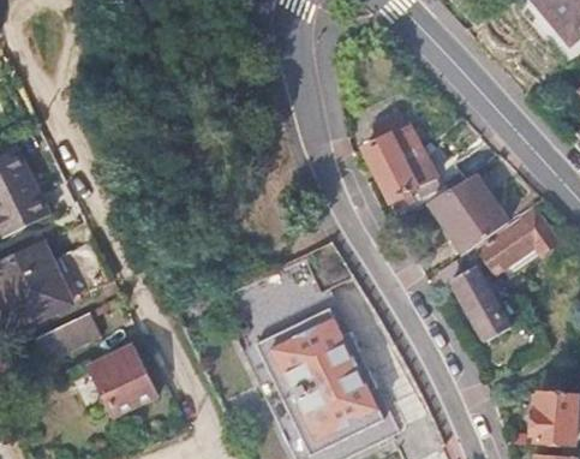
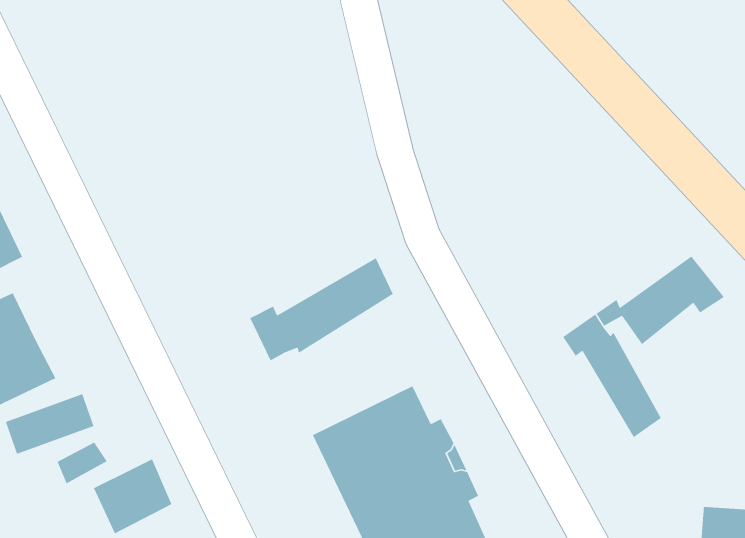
building: [365,111,437,202] -> none
building: [431,178,508,254] -> none
building: none -> [249,257,394,361]

